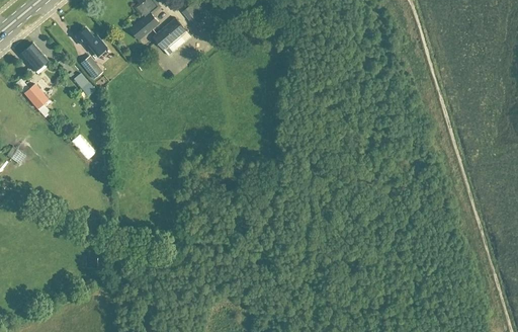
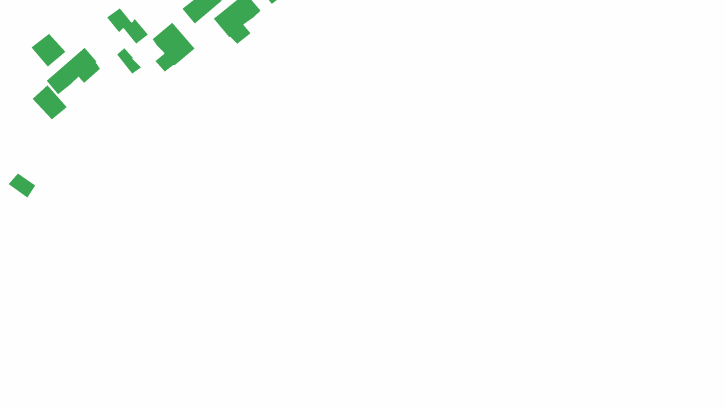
building: none -> [152,22,195,72]
building: none -> [46,47,101,95]

